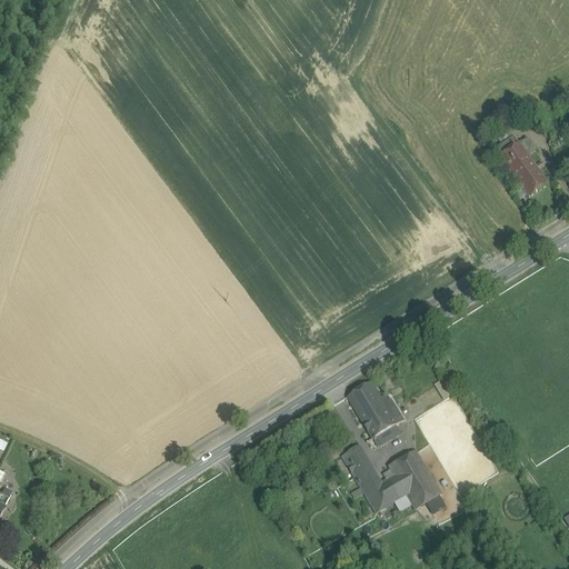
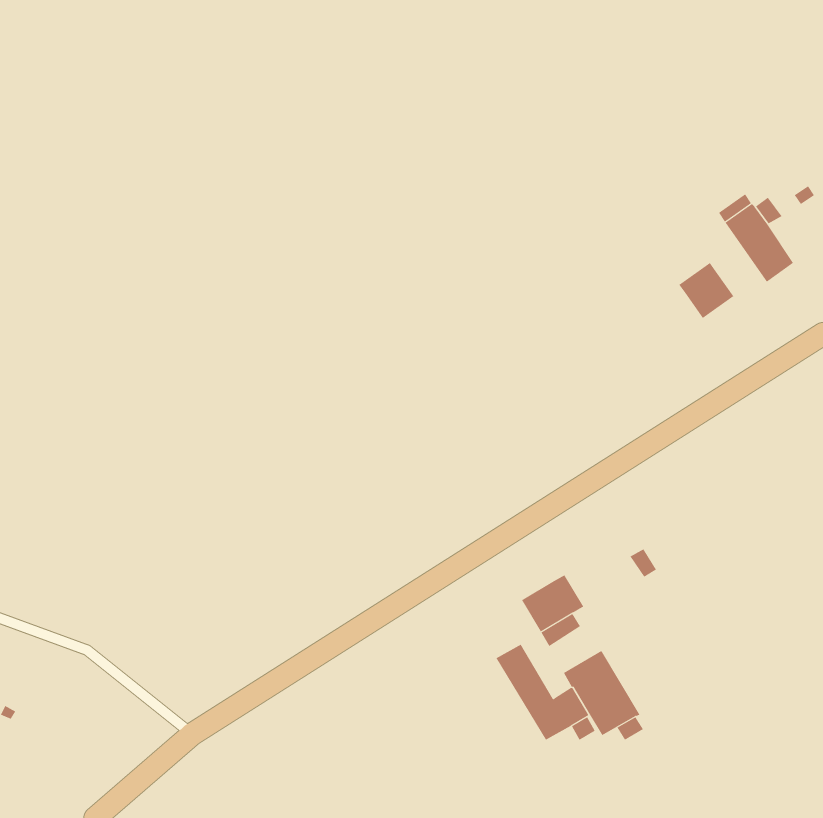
building: none -> [678,262,734,319]
building: [347,380,381,413] -> none

